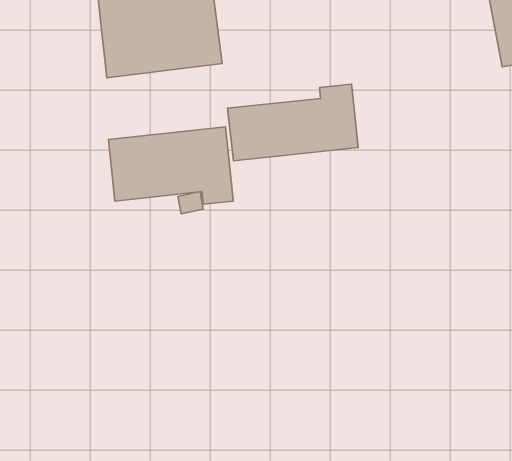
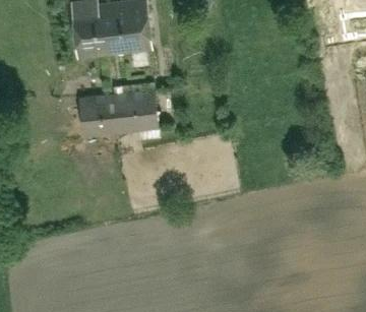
building: [228,84,358,161] -> none

